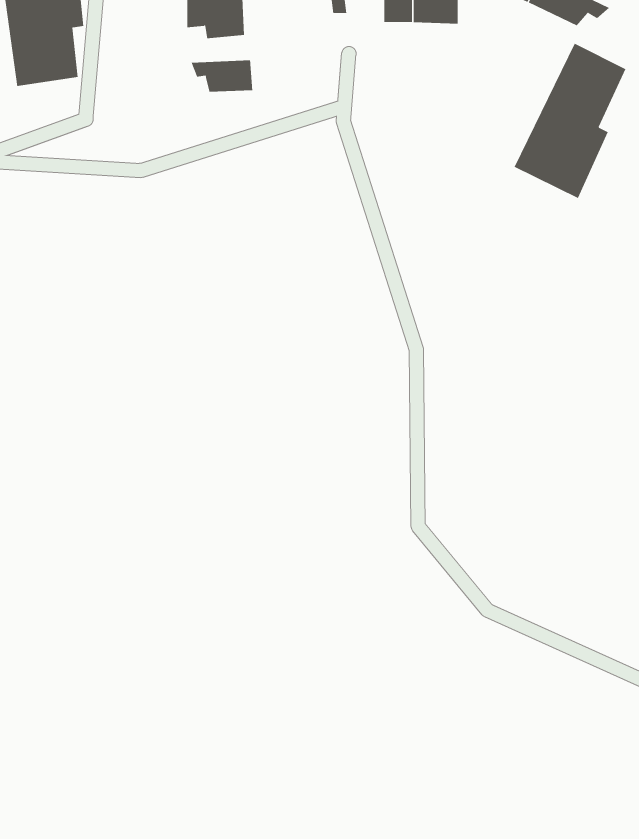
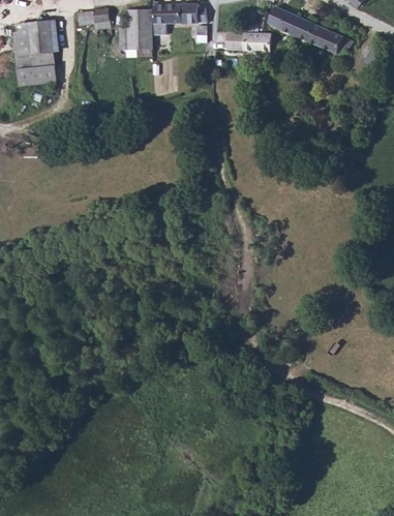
building: [514,43,626,199] -> none
building: [191,60,253,93] -> none

